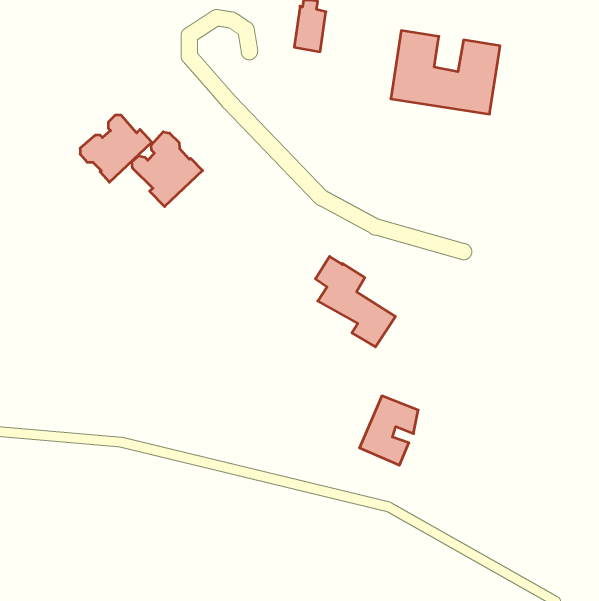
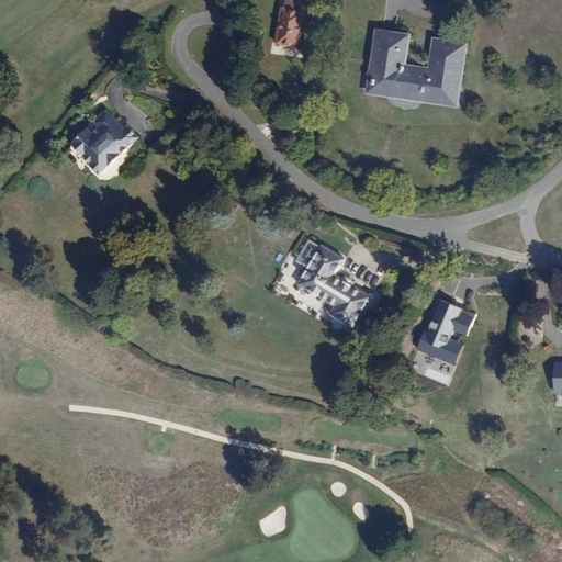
building: [132,132,203,207] -> none
building: [359,396,418,465] -> [416,301,471,366]

